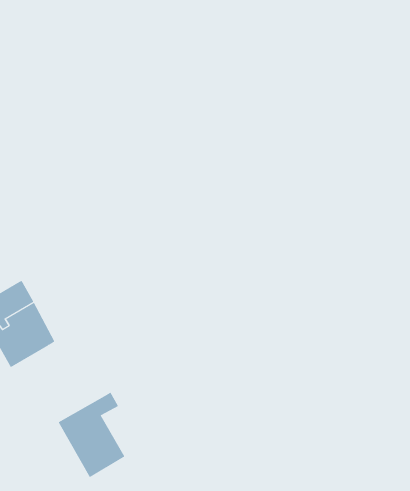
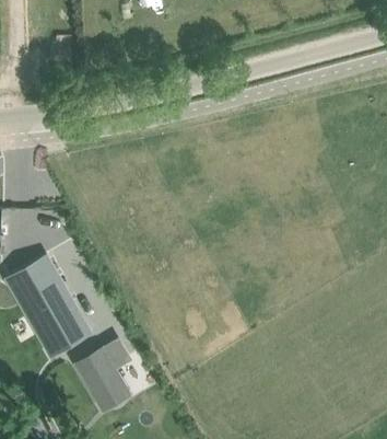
building: none -> [36,305,89,353]

